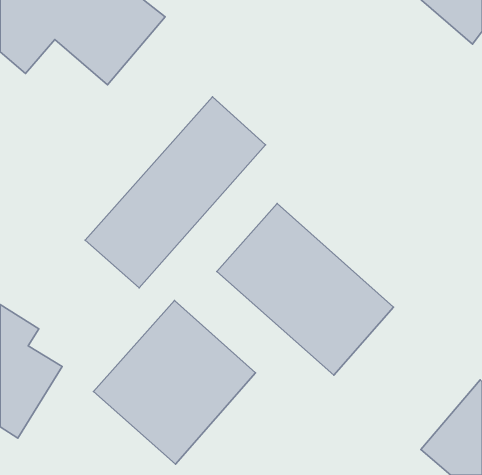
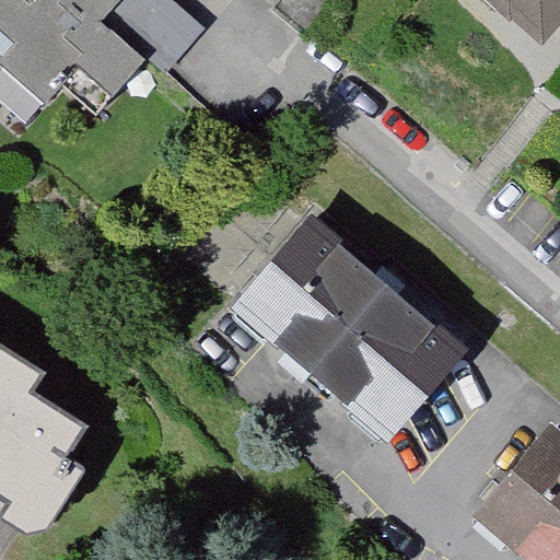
building: [85,97,265,288] -> none
building: [94,300,256,464] -> none

